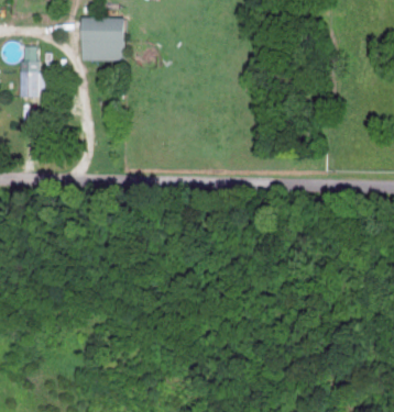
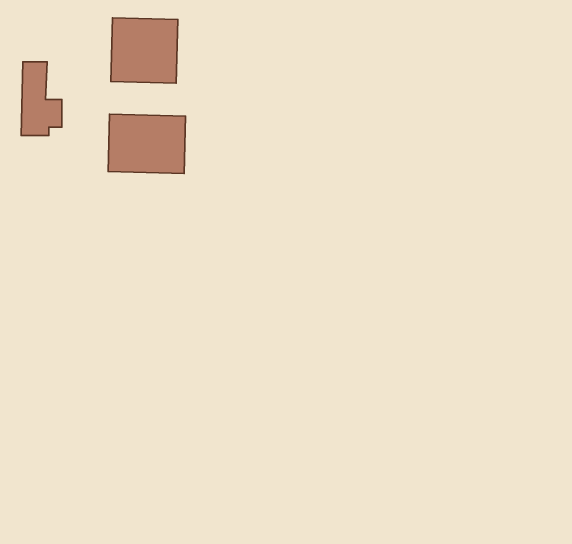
building: none -> [108,114,186,174]

